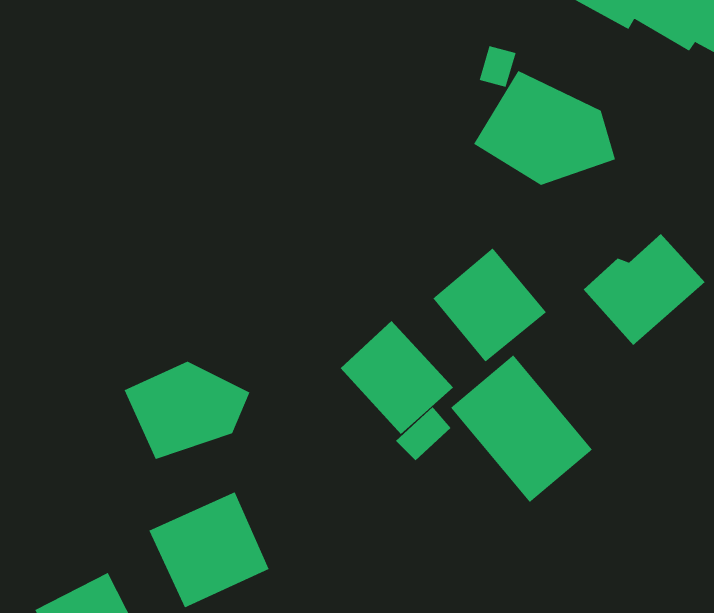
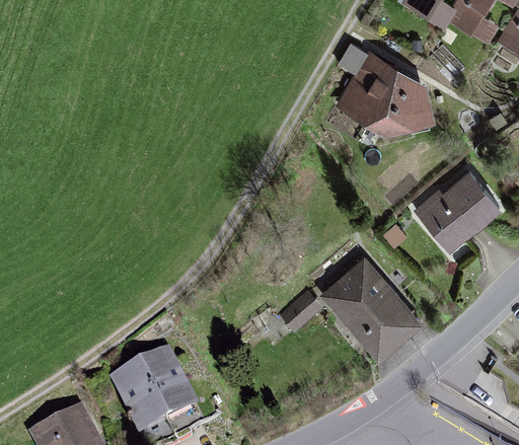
building: [432,247,547,363] -> none
building: [340,320,454,435] -> none
building: [124,361,250,460] -> none

